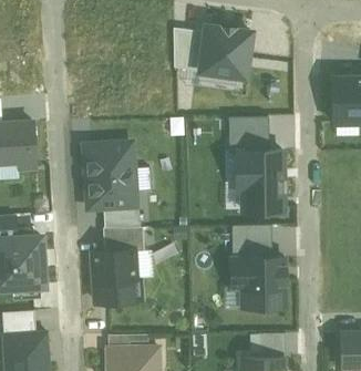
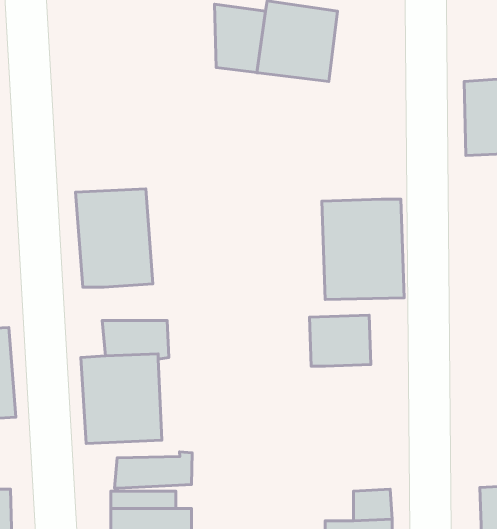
building: [239,118,278,152] -> none
building: [103,204,140,227] -> none
building: [243,255,287,311] -> none
building: none -> [114,452,192,488]

